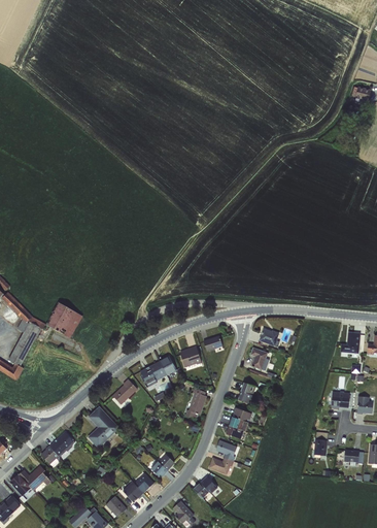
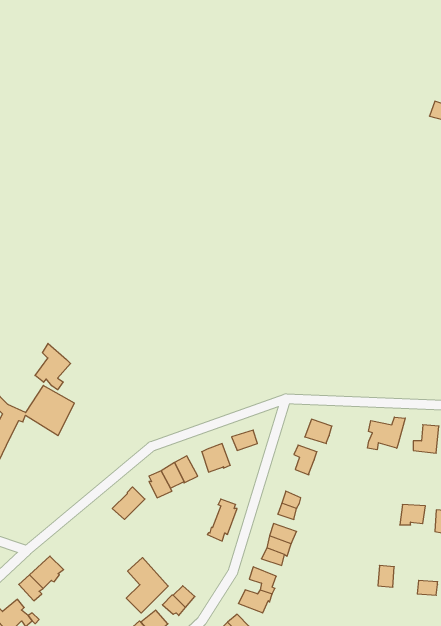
building: none -> [35,343,71,390]
building: none -> [368,417,405,450]
building: [87,406,118,449] -> [126,558,168,613]

